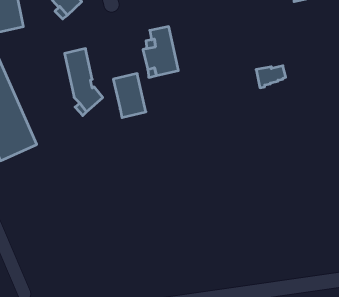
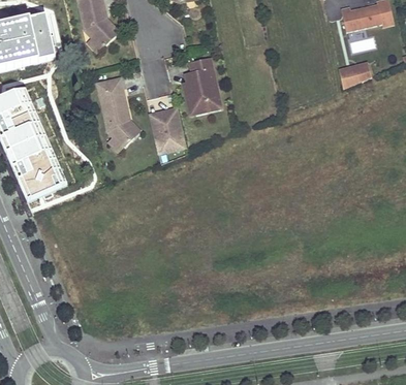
building: [256,66,286,88] -> [338,64,370,88]

